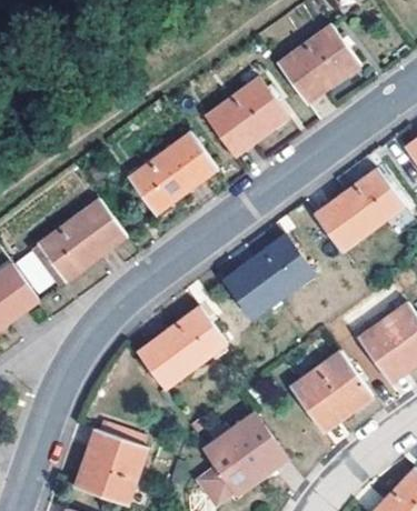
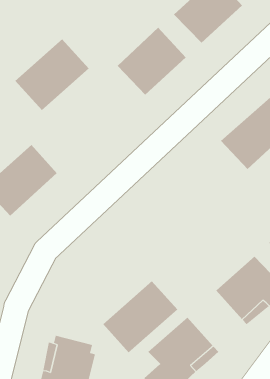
building: [126,131,214,212] -> [15,38,90,111]
building: [225,238,314,318] -> none
building: [138,308,227,389] -> [102,280,178,353]

